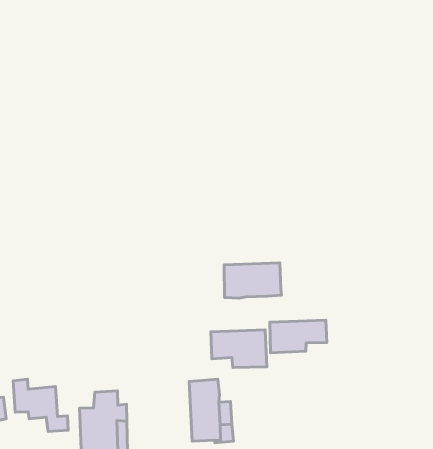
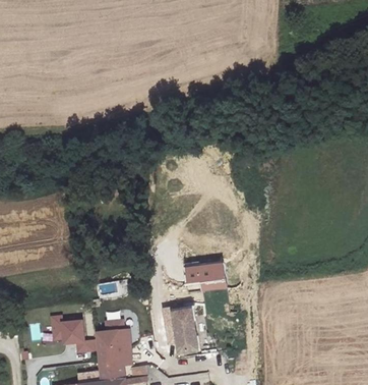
building: [224,263,282,298] -> none
building: [270,320,327,353] -> none

